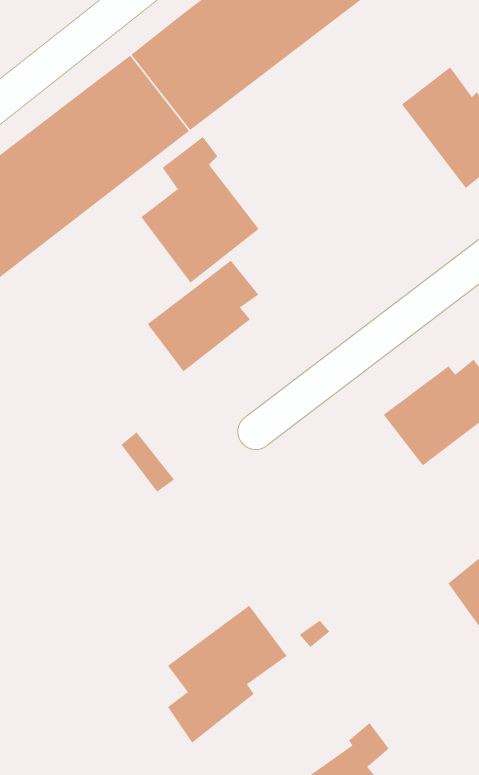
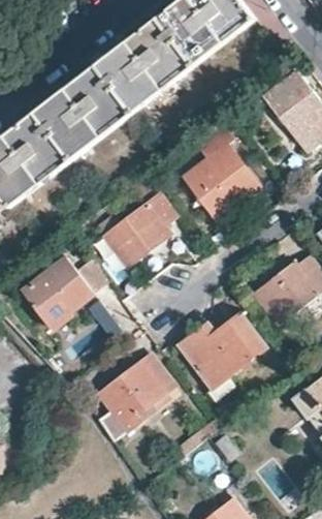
building: [141,136,259,283] -> [184,126,258,218]
building: none -> [20,255,92,326]
building: none -> [178,311,265,388]
building: [167,605,288,743] -> [97,354,172,440]

